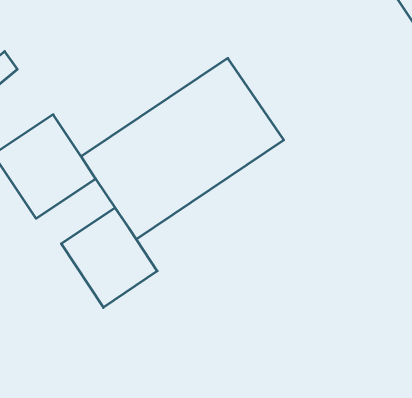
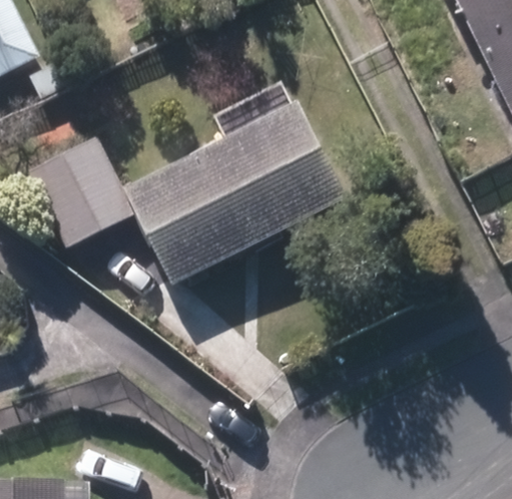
building: [61,208,157,308] -> none

